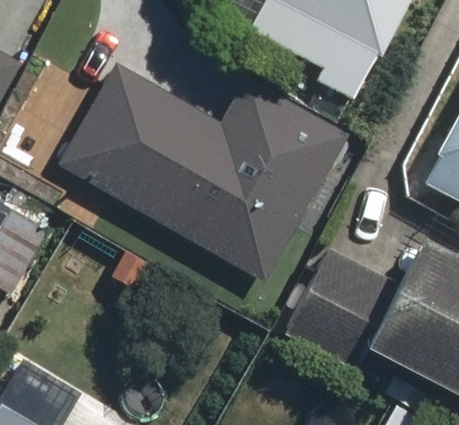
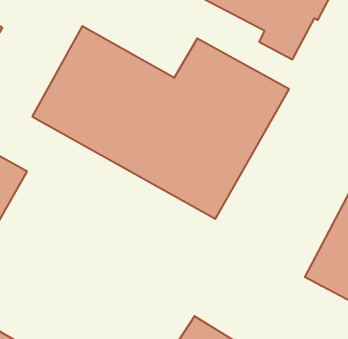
building: [282,247,389,364] -> none

